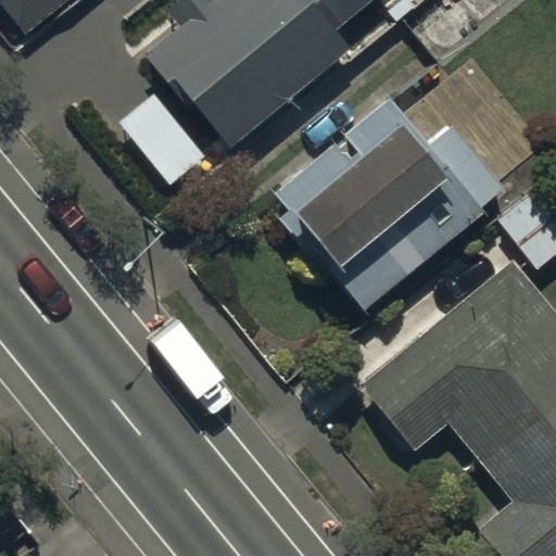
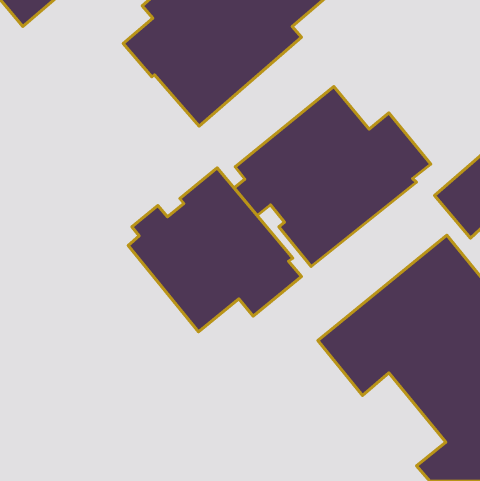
building: none -> [128,168,302,332]

